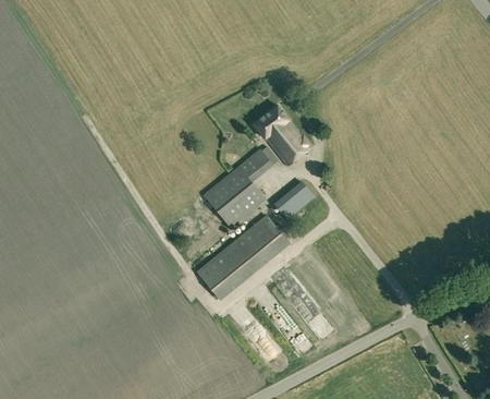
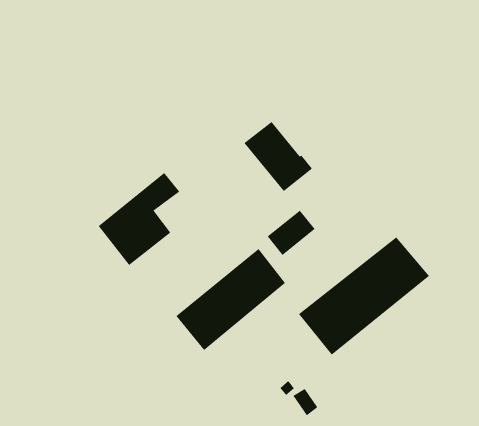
building: [204,148,273,228] -> [98,172,180,266]
building: none -> [298,236,430,355]

